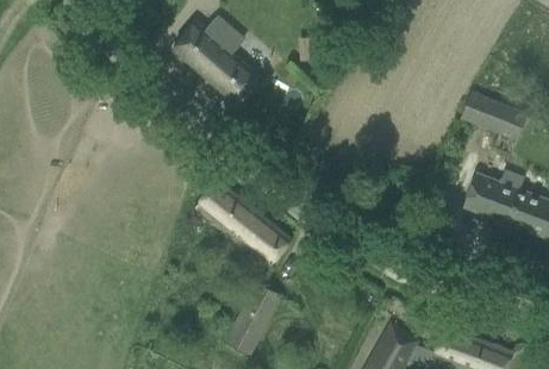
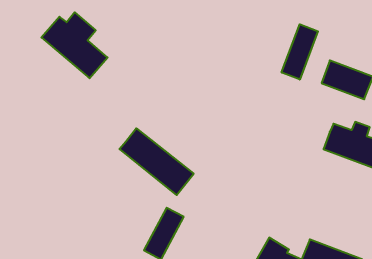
building: [173,15,260,102] -> [41,12,108,78]
building: none -> [282,24,318,80]

